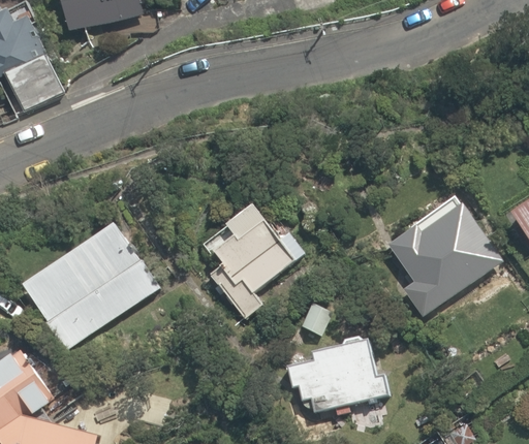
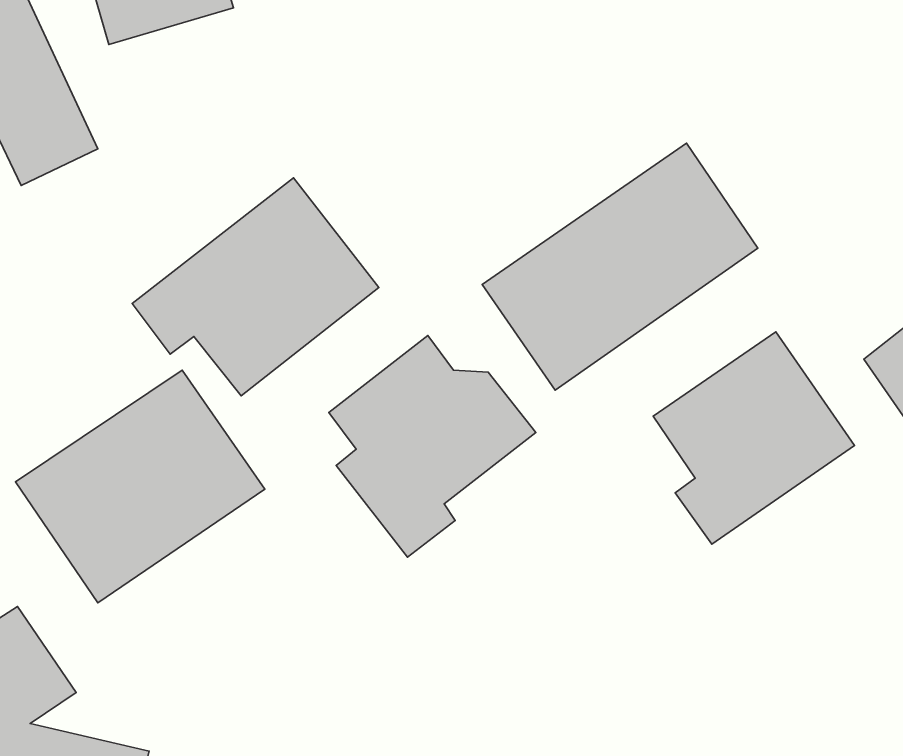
building: none -> [482,143,758,390]
building: none -> [132,178,379,396]
building: [282,337,394,414] -> none

